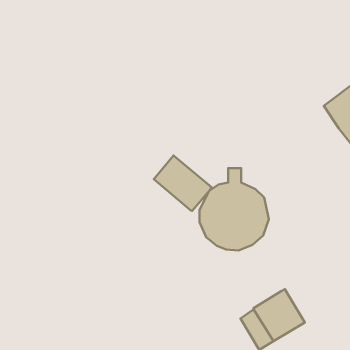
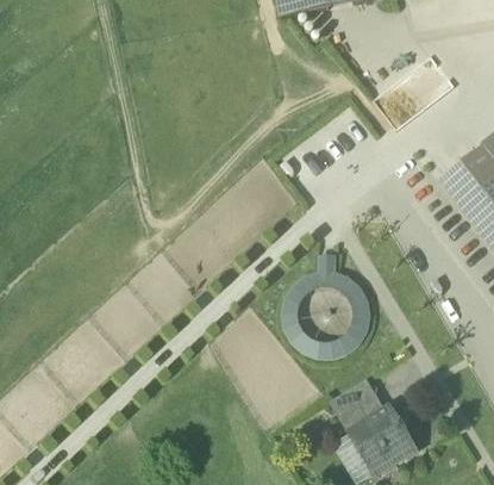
building: [154,156,212,211] -> none
building: none -> [330,379,384,433]

